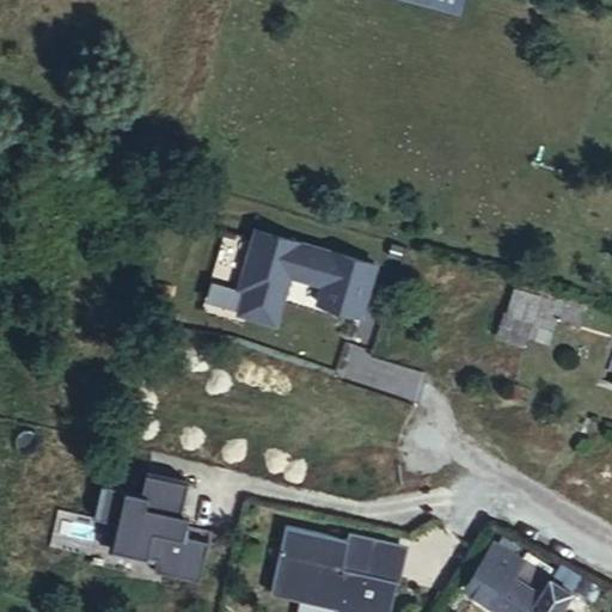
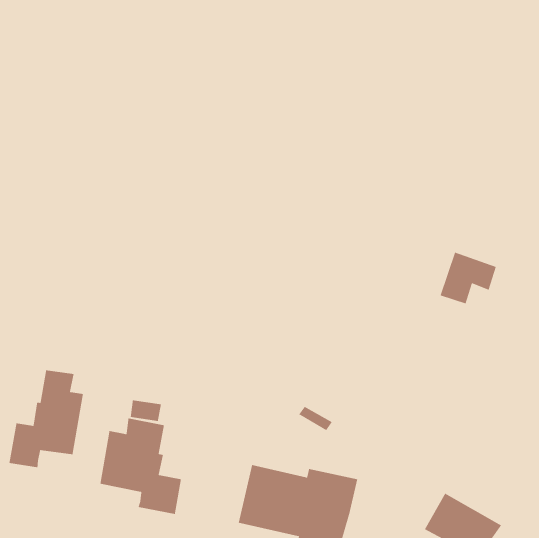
building: [202,228,379,330] -> none
building: none -> [8,369,84,468]

